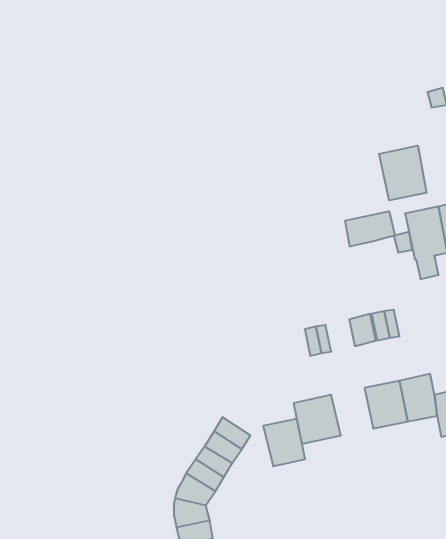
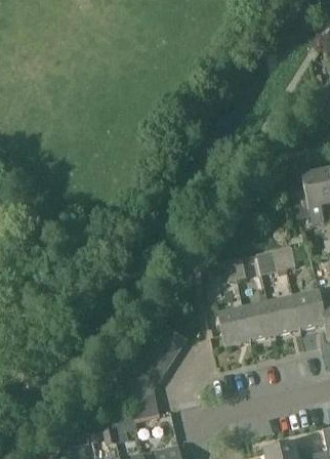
building: [379,146,427,200] -> none
building: [345,211,395,247] -> none
building: [263,419,305,466] -> [245,302,276,337]

